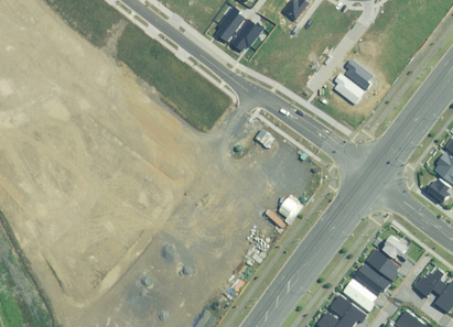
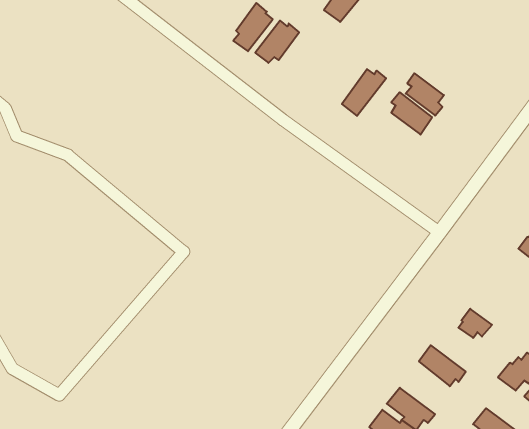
building: none -> [342,69,386,116]
building: [367,248,400,281] -> none
building: [343,279,376,310] -> none

